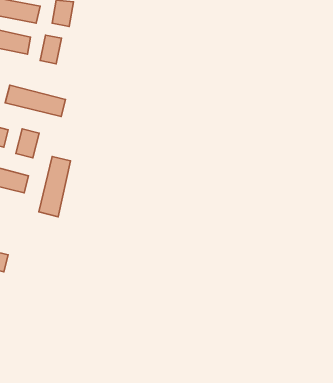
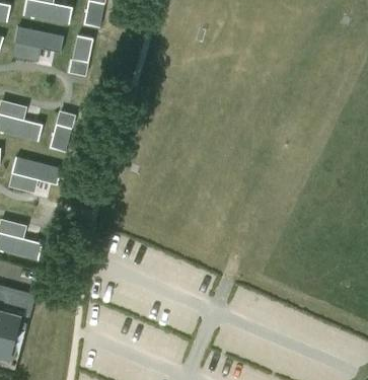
building: [5,85,65,116] -> none
building: [39,156,71,217] -> none

